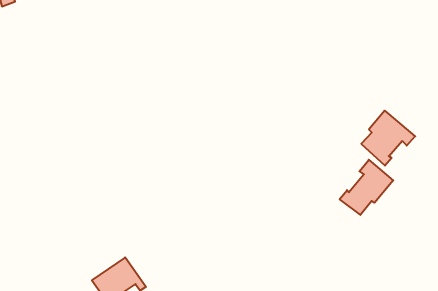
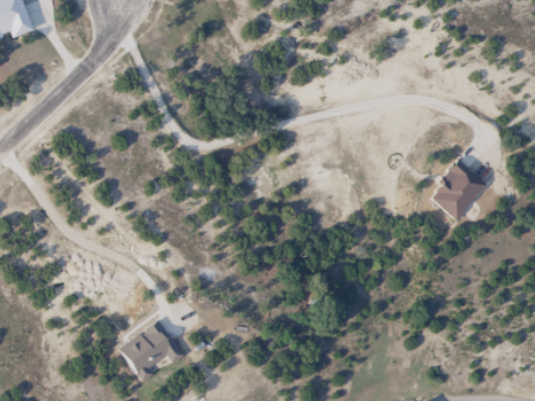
building: [340,160,393,215] -> none

